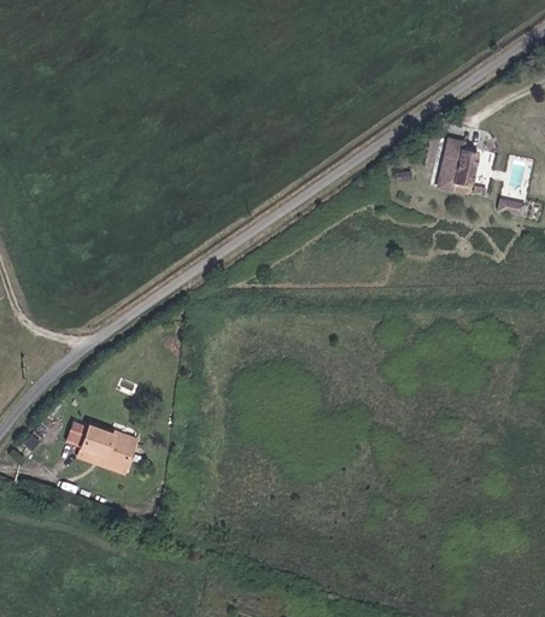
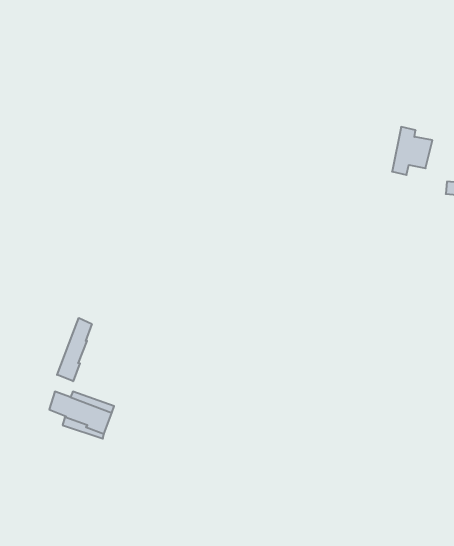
building: none -> [57,318,92,381]

